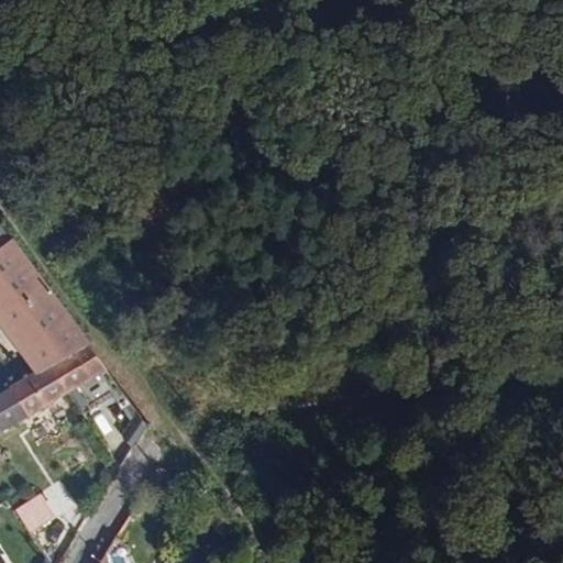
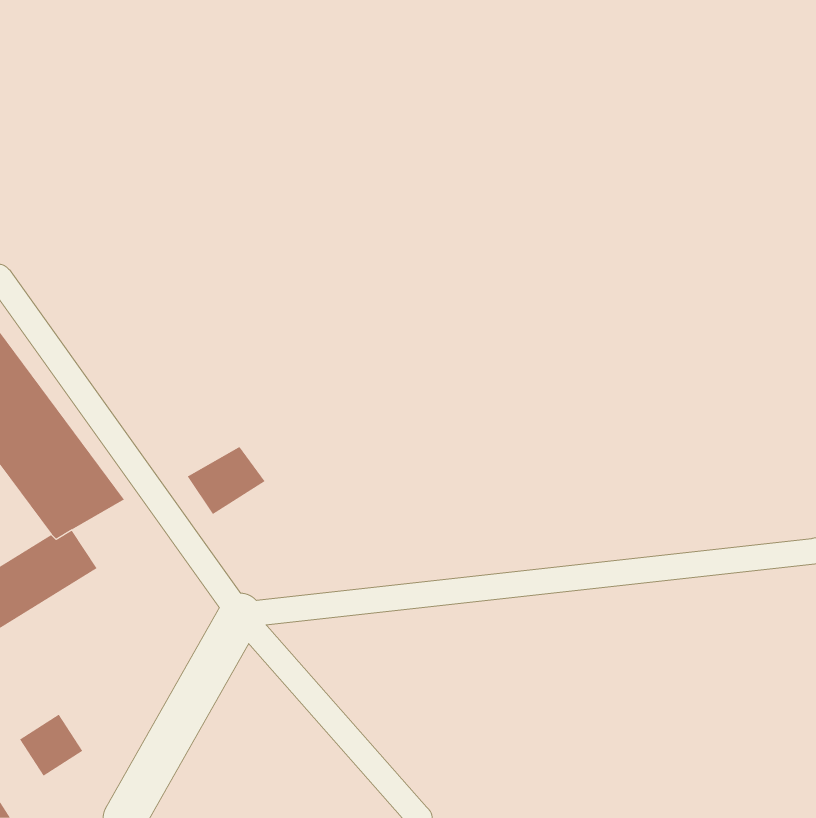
building: [49,343,103,390] -> [187,446,265,515]

